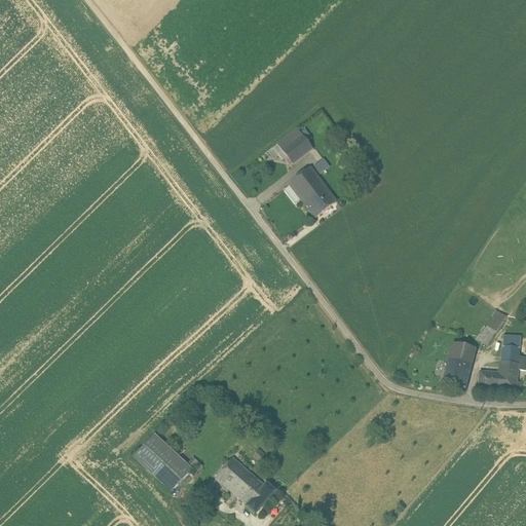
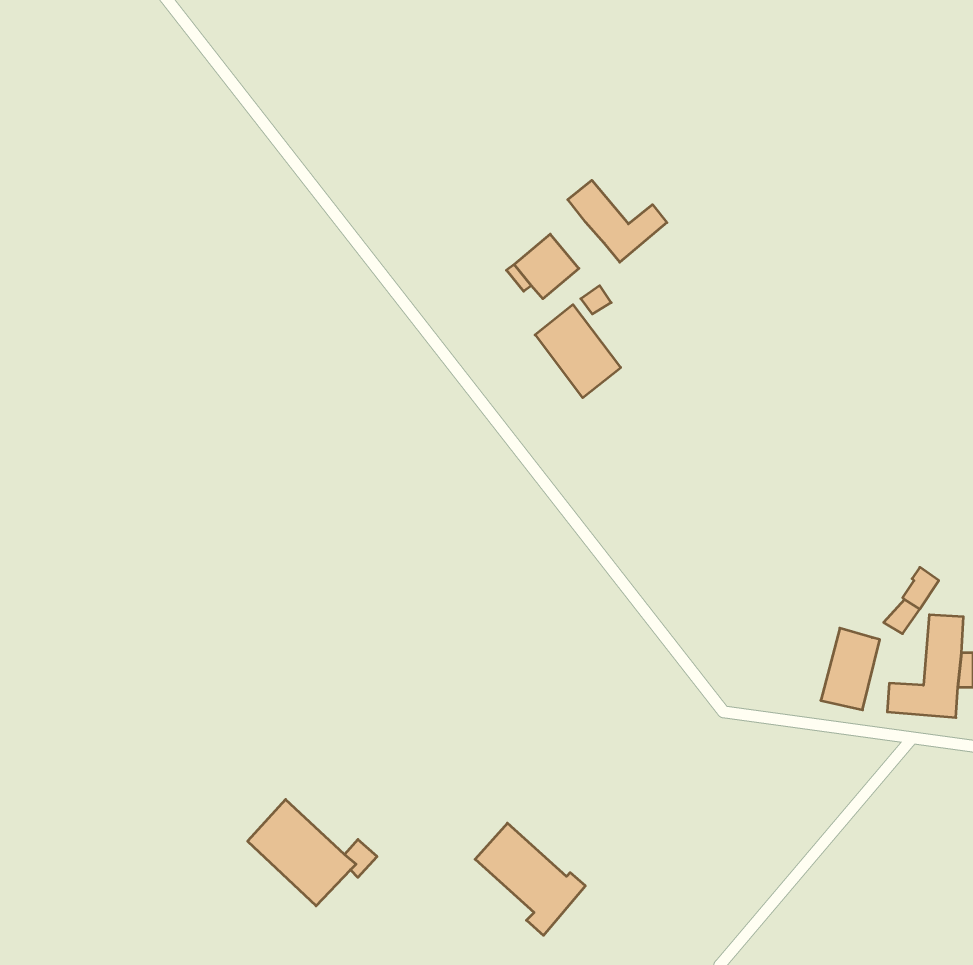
building: none -> [568,180,667,262]
building: [214,454,273,515] -> [475,823,585,935]

